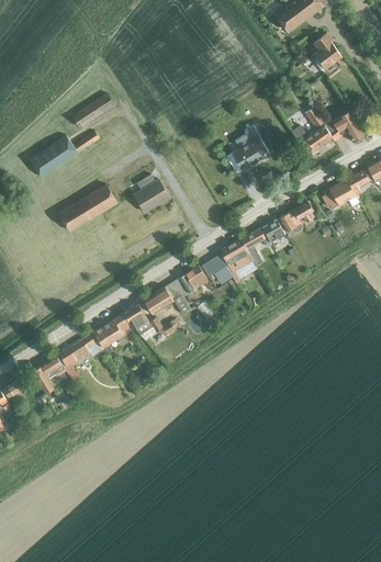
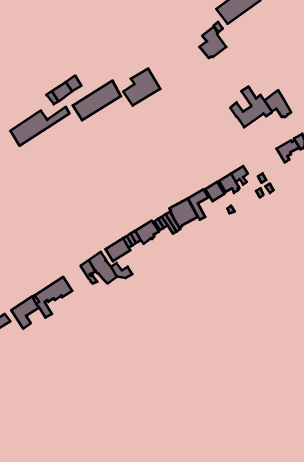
building: [311,33,343,70] -> [199,27,226,58]
building: [226,130,270,173] -> [123,69,160,106]
building: [135,175,171,213] -> none
building: [323,180,360,209] -> none
building: [60,184,117,232] -> [73,81,121,120]
building: [93,319,124,355] -> none

